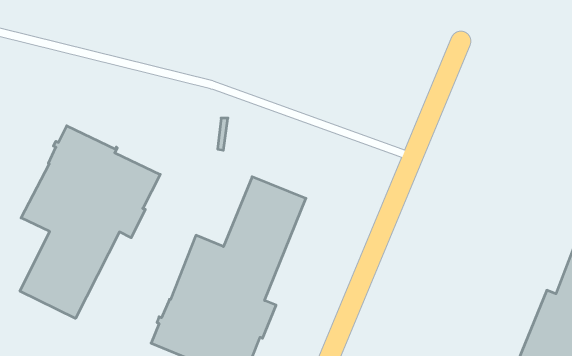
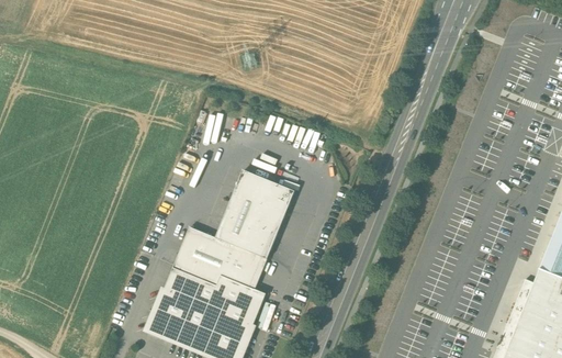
building: [20,126,160,318] -> none

